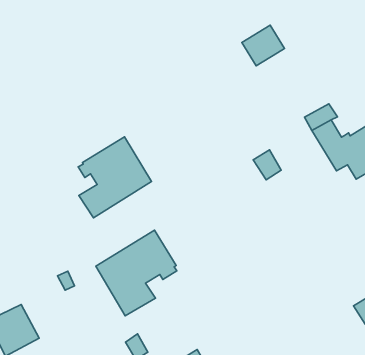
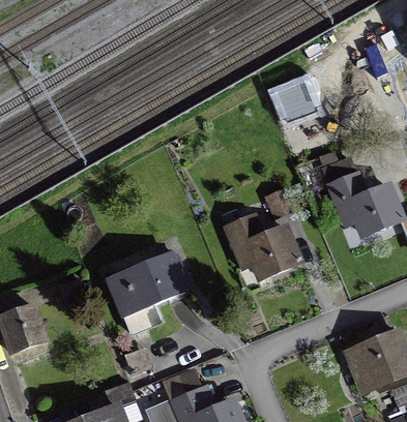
building: [78,137,151,218] -> none
building: none -> [226,218,297,277]

